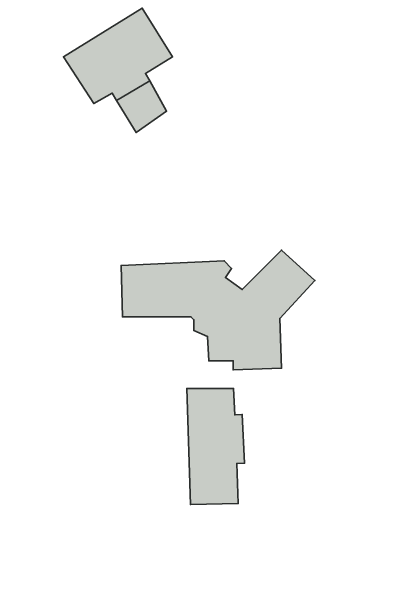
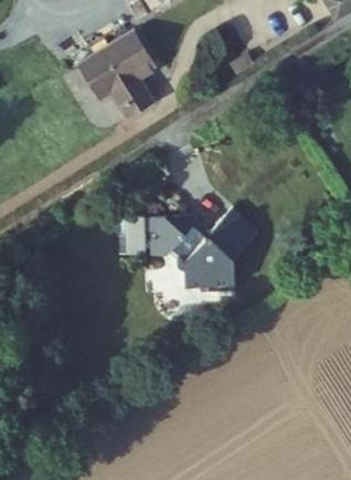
building: [187,388,244,505] -> none

